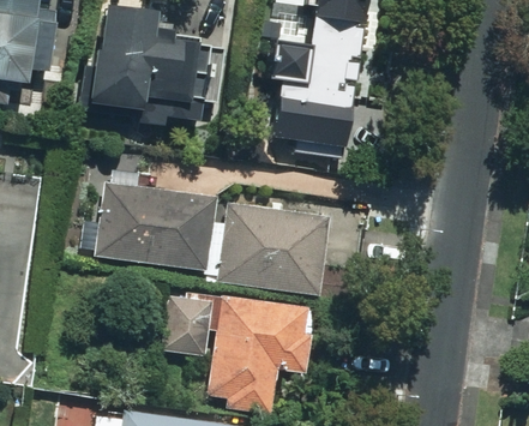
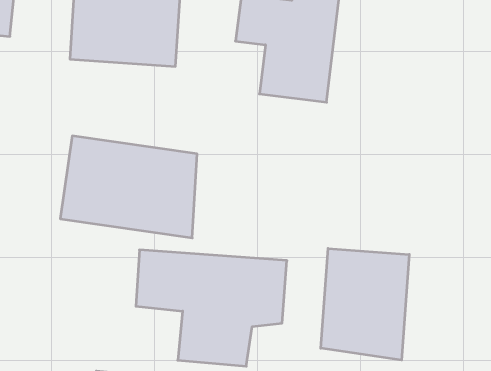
building: [220,198,330,296] -> none
building: none -> [321,248,409,360]

